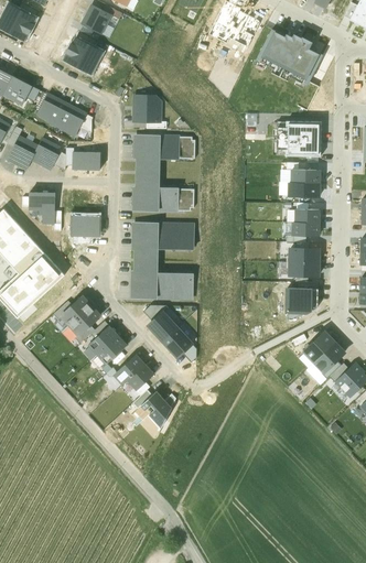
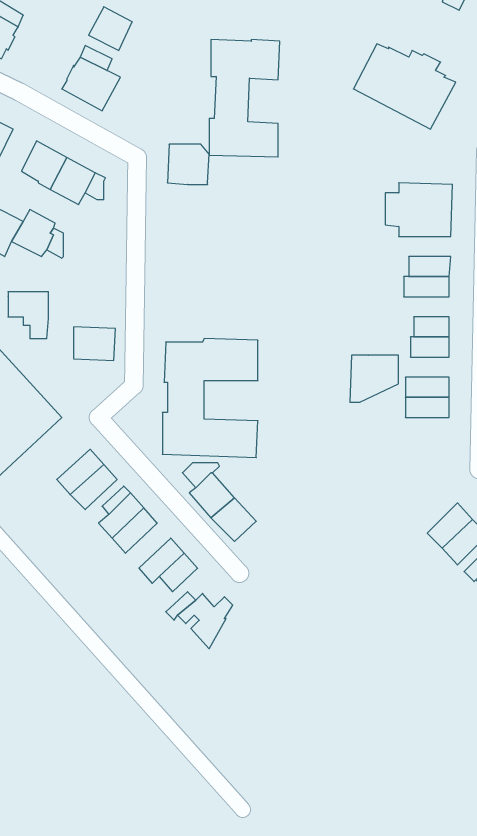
building: [132,137,179,214] -> [209,40,280,157]
building: [73,152,100,170] -> none
building: [286,289,317,320] -> [350,355,398,402]

